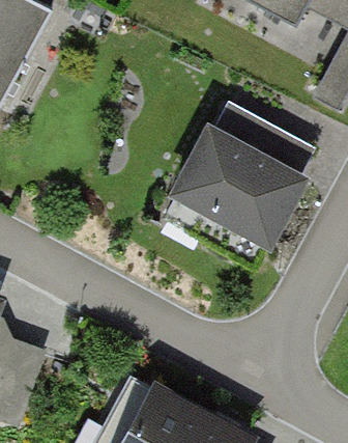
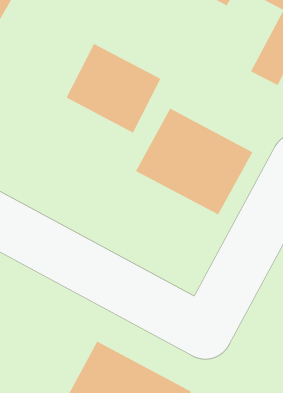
building: none -> [66,43,161,133]

